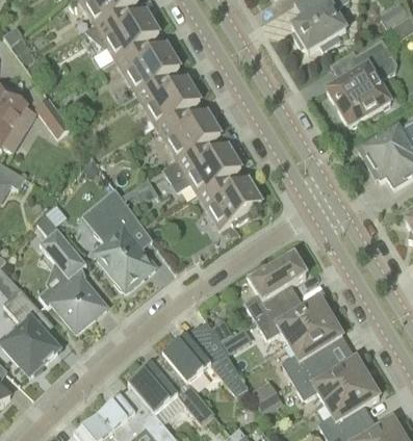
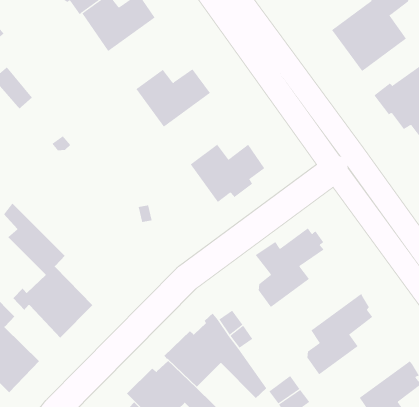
building: [136,66,200,125] -> none
building: [163,133,241,192] -> none
building: [87,187,155,289] -> none
building: [256,296,334,341] -> none
building: [292,357,370,401] -> none

